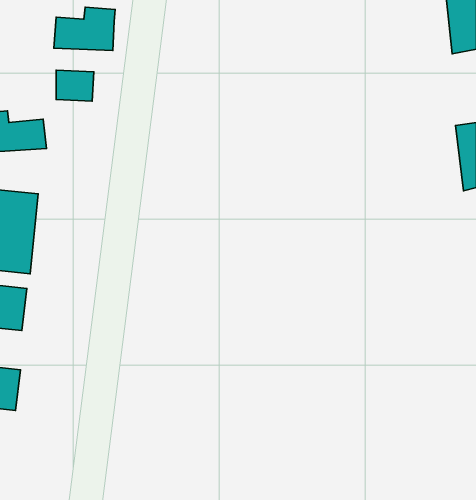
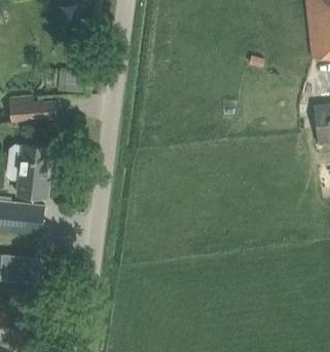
building: [54,7,115,51] -> none

